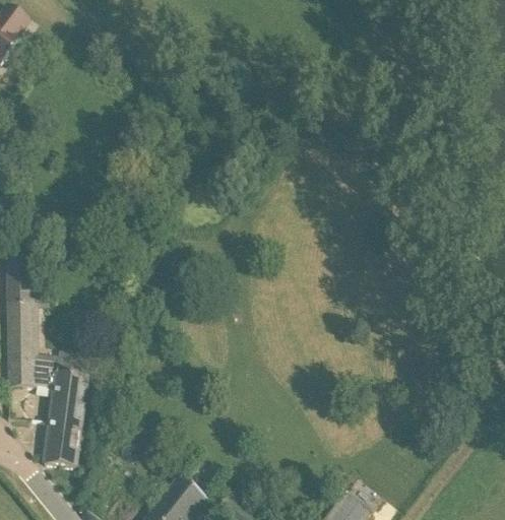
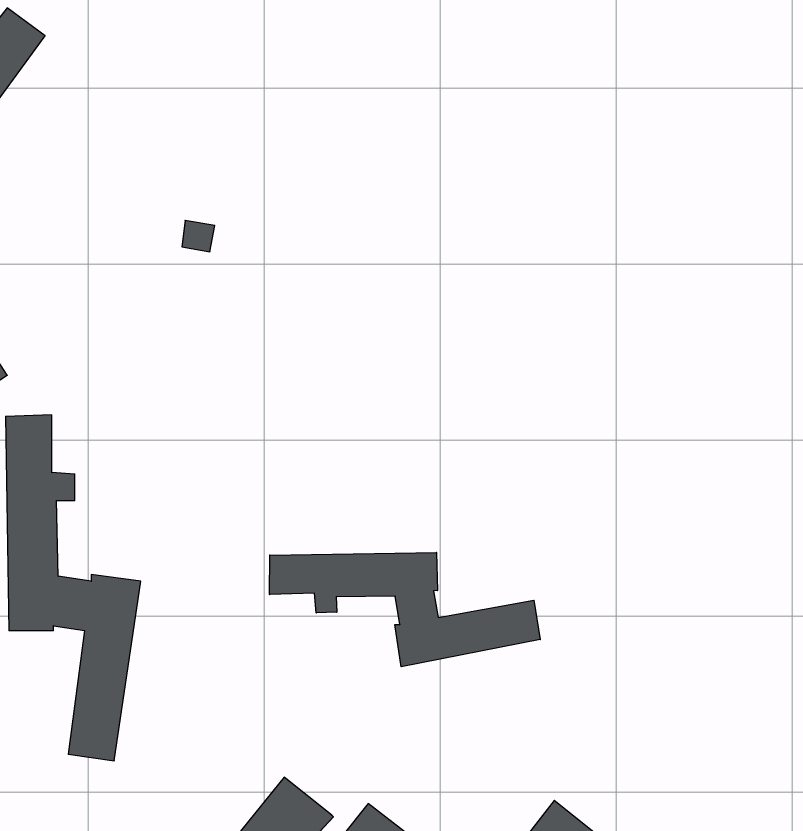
building: none -> [270,552,540,667]

